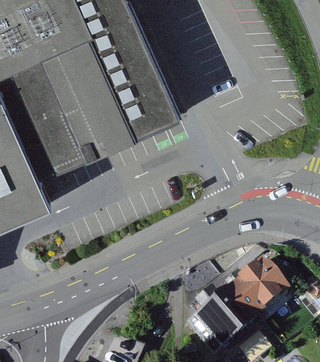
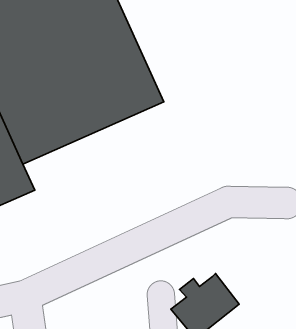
building: [223,263,286,318] -> none

